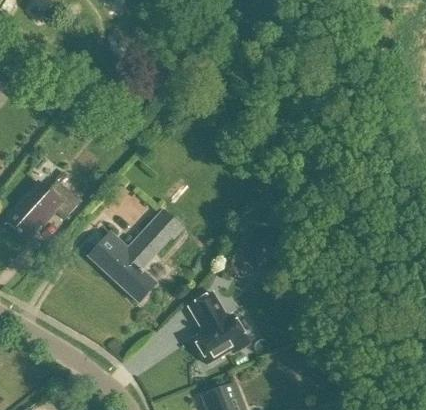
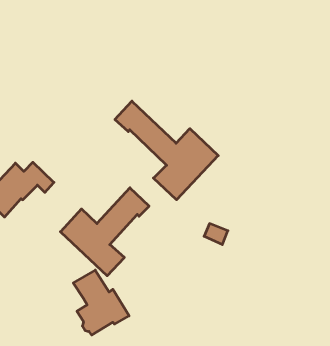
building: none -> [115,101,218,200]
building: [189,293,250,364] -> [73,270,129,335]

